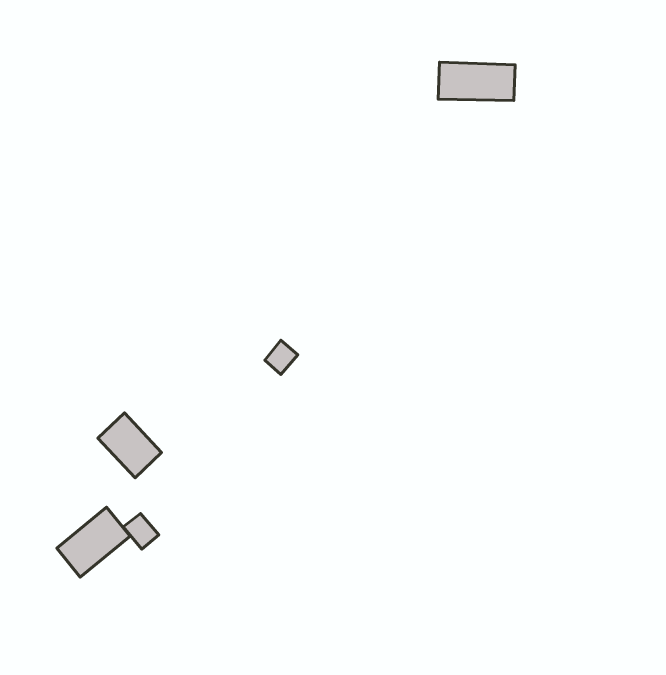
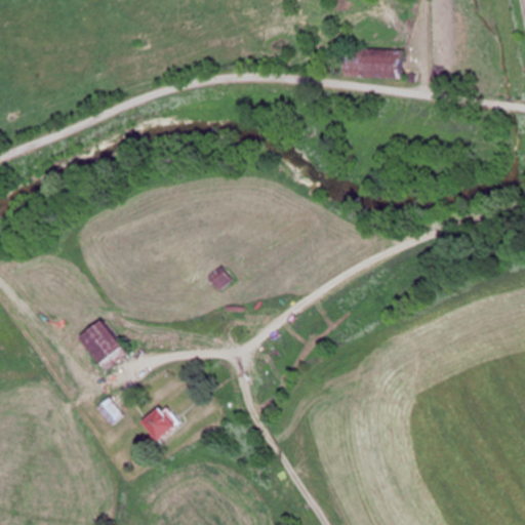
building: [57,507,130,577] -> none
building: none -> [140,406,175,440]

